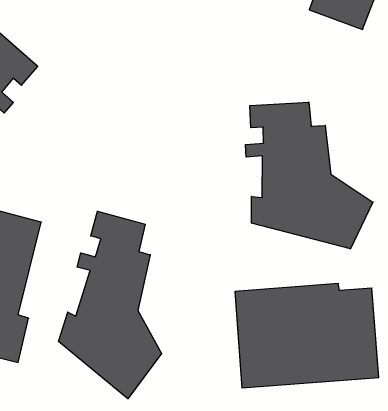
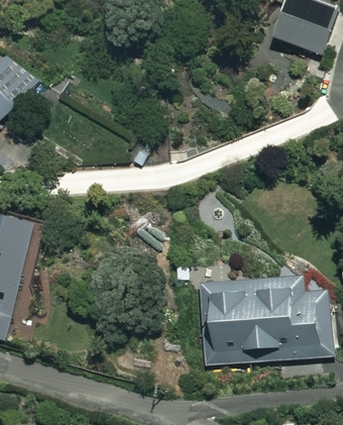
building: [246,102,373,249] -> none
building: [58,211,162,399] -> none

